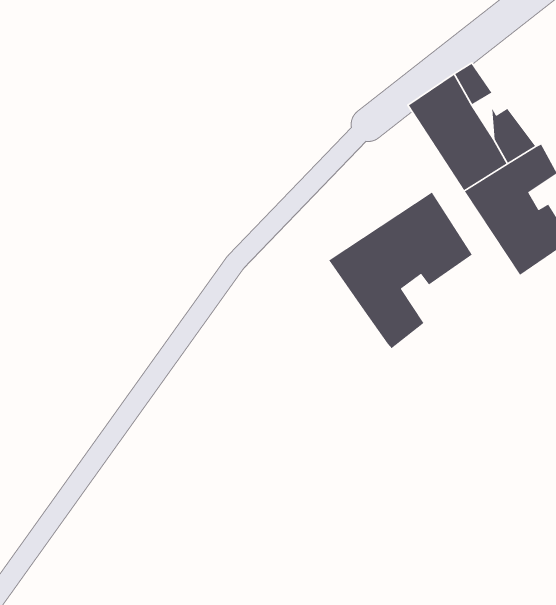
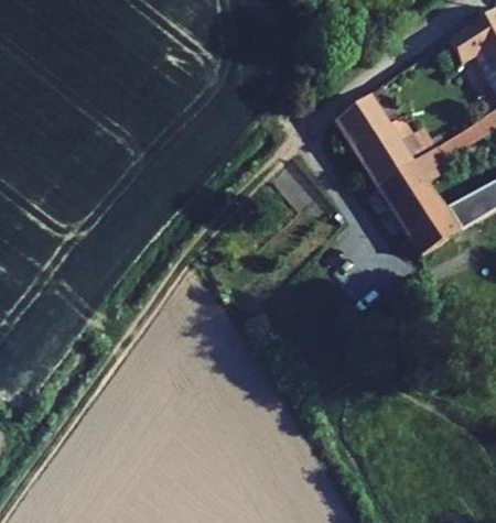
building: [328,191,473,349] -> none

